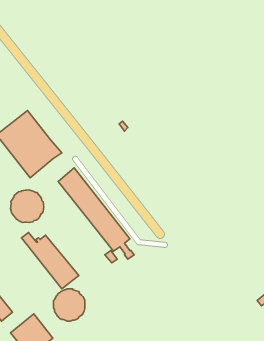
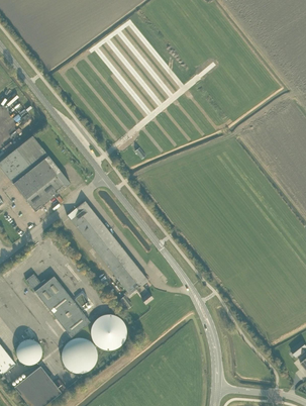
building: [11,190,44,223] -> none
building: none -> [91,313,126,349]
building: none -> [16,338,41,365]

